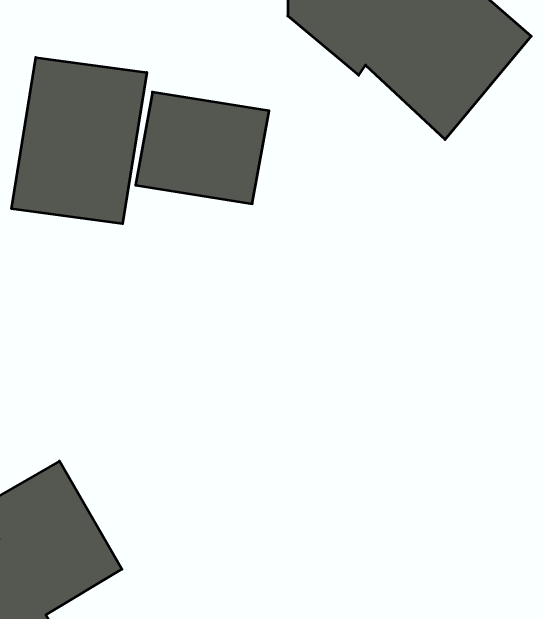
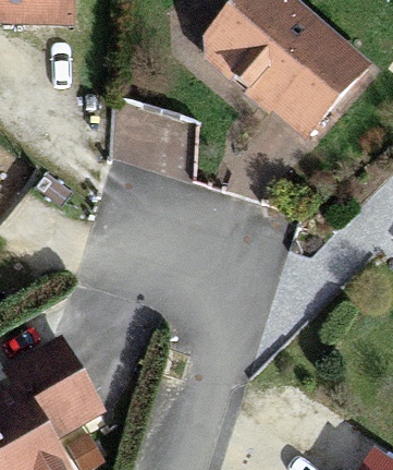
building: [12,57,147,224] -> none

